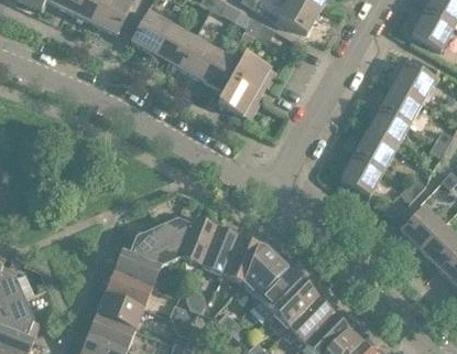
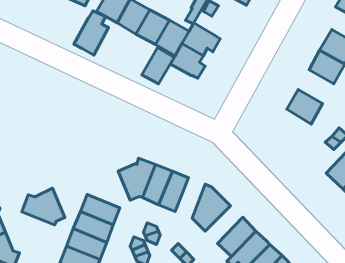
building: none -> [74,11,108,55]
building: none -> [142,47,174,84]
building: [367,108,409,148] -> none
building: [340,154,382,195] -> none
building: [119,227,170,270] -> [22,188,65,225]
building: [222,235,258,282] -> none
building: [252,268,302,318] -> none

